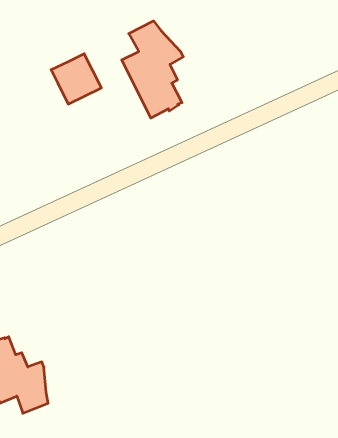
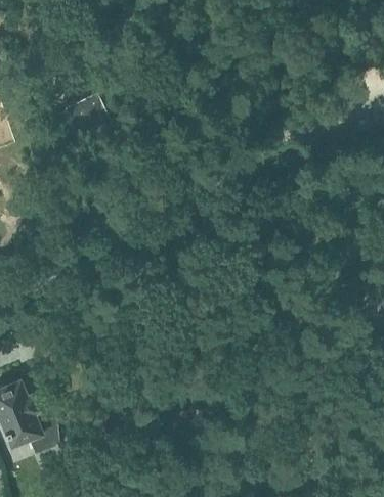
building: [122,21,183,118] -> none

